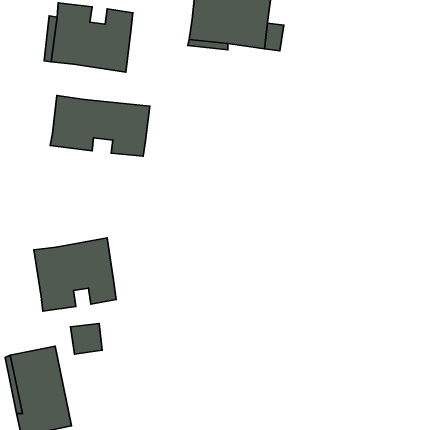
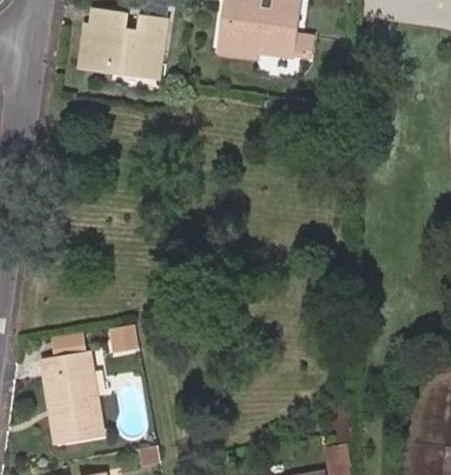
building: [50,95,150,156] -> none
building: [34,238,116,311] -> none

